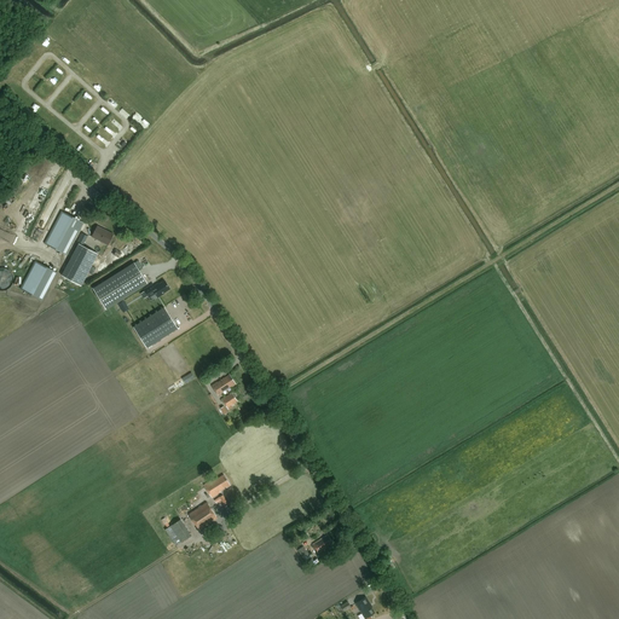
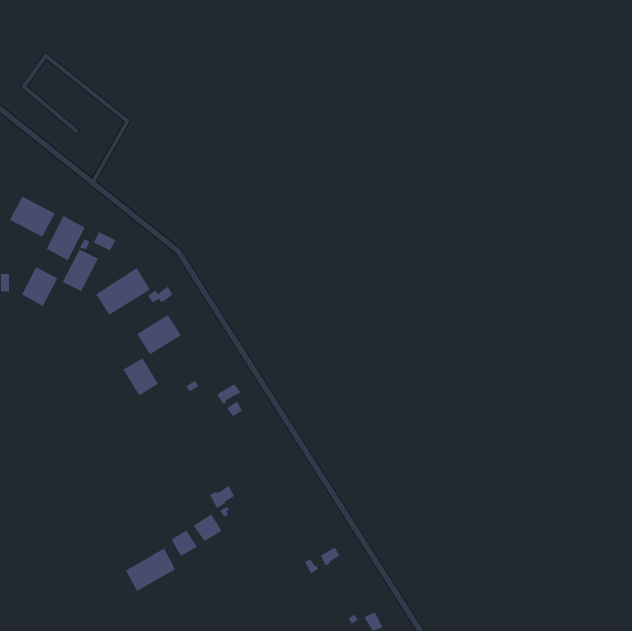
building: none -> [9,196,56,238]
building: none -> [123,357,159,396]
building: none -> [125,548,176,592]

